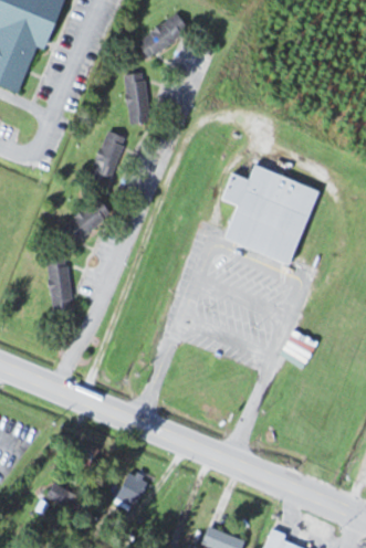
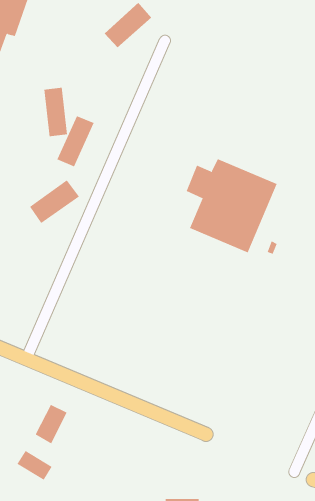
building: [125,70,150,122] -> [44,87,68,137]
building: [50,256,71,306] -> none
building: [115,467,149,509] -> [35,404,67,444]

